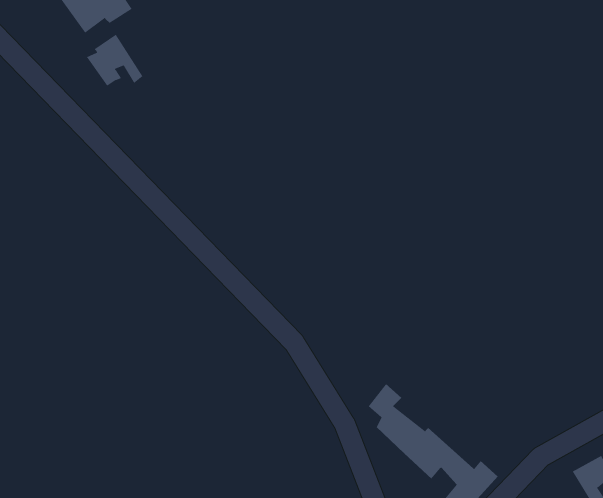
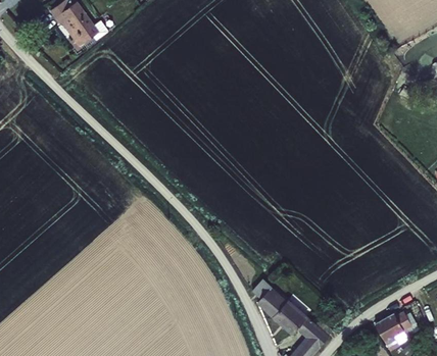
building: [86,34,143,87] -> none

